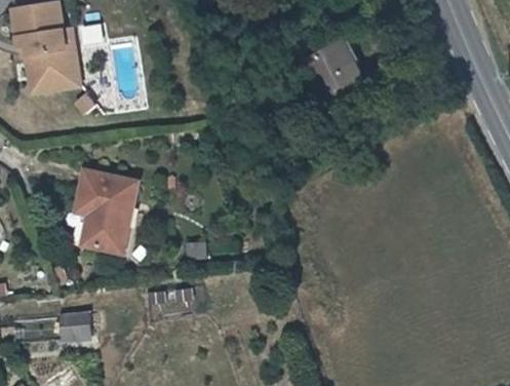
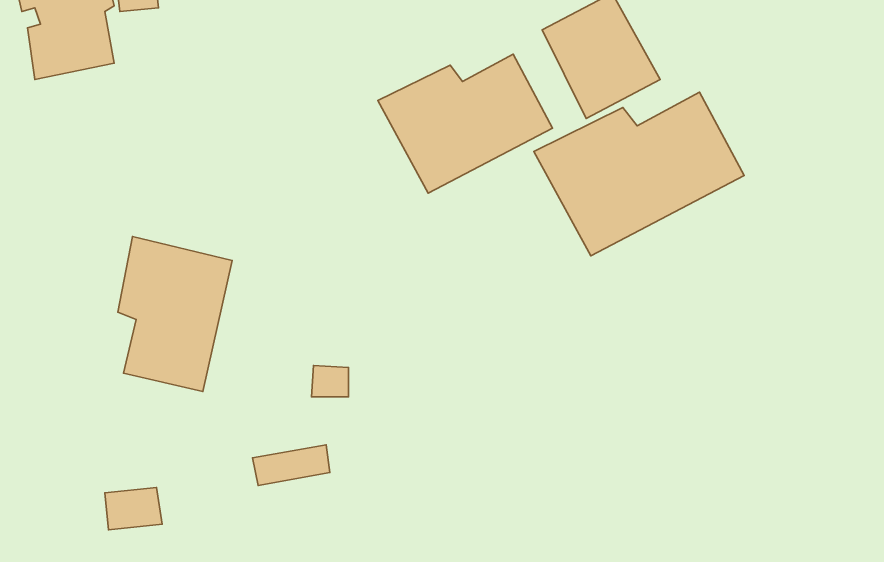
building: none -> [378,54,552,193]
building: none -> [534,92,744,256]

